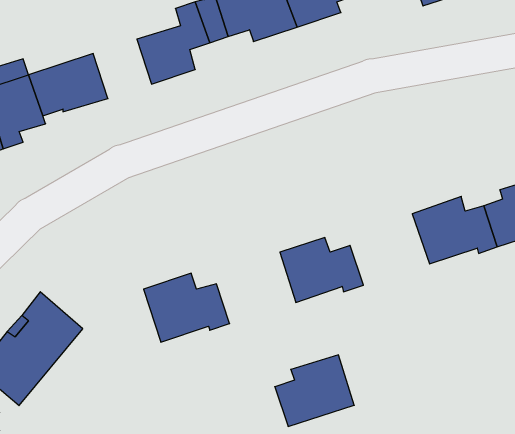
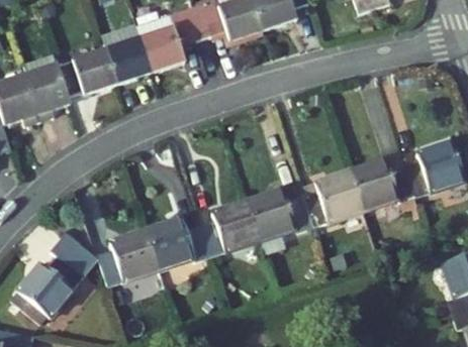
building: none -> [106,38,151,84]
building: none -> [302,171,363,226]
building: none -> [97,229,158,285]
building: [275,355,354,426] -> [200,201,261,255]

